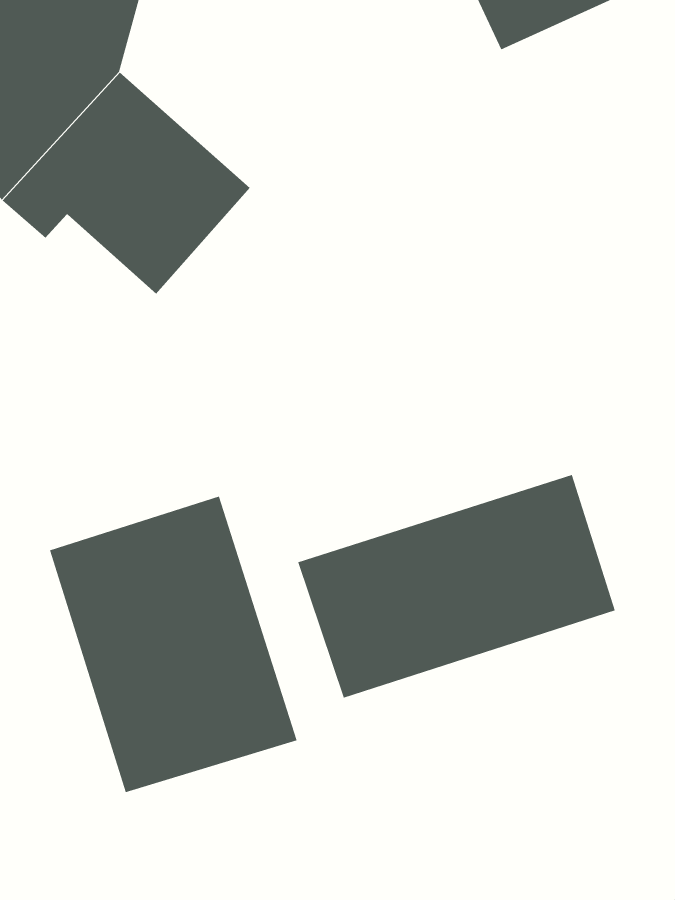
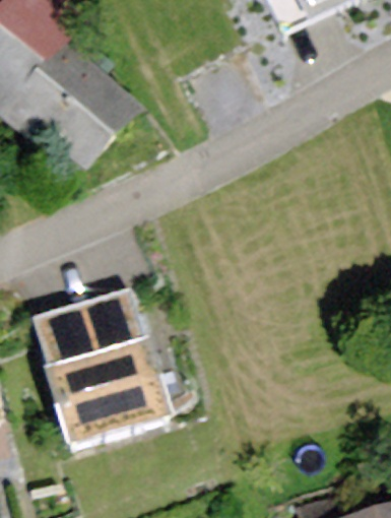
building: [297,474,616,698] -> none

